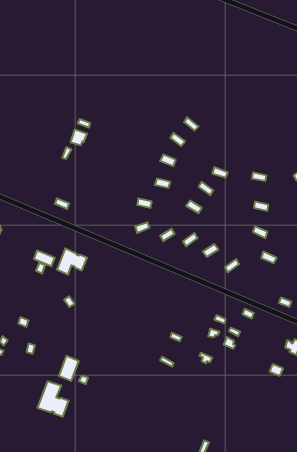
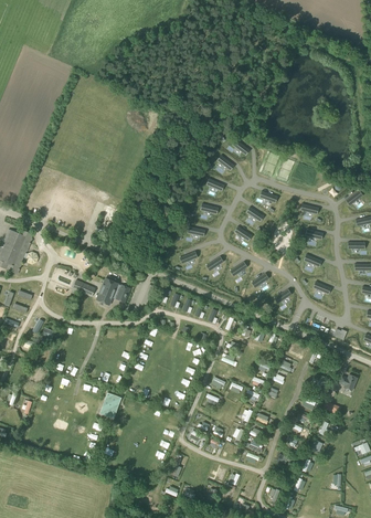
building: [38,381,69,417] -> none

